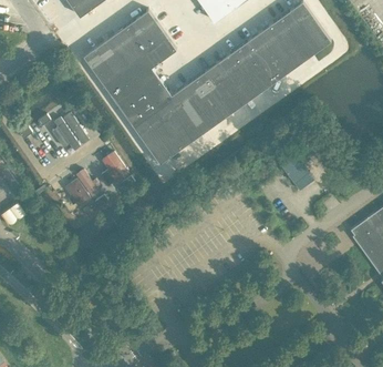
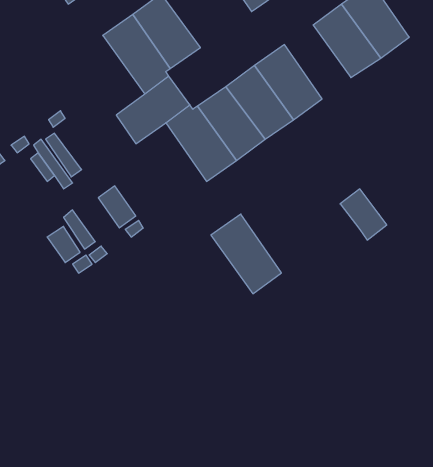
building: [239,33,288,88] -> none
building: [84,41,136,100] -> none
building: [130,105,182,164] -> [211,214,281,294]

